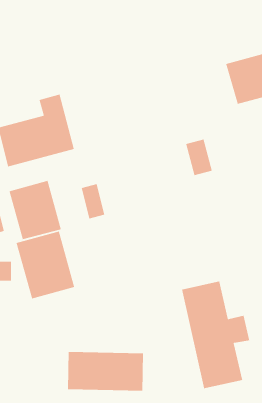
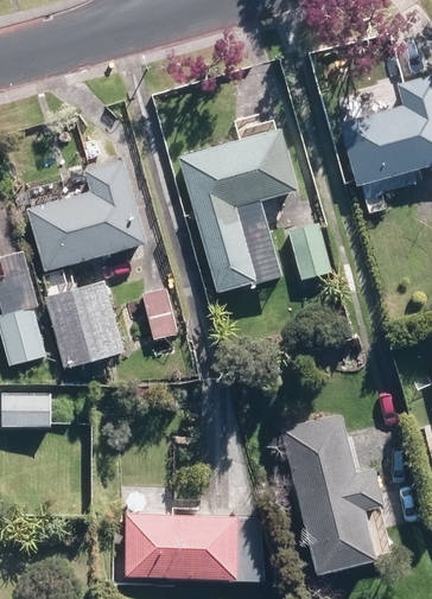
building: none -> [182,136,292,292]
building: [16,230,75,300] -> none

